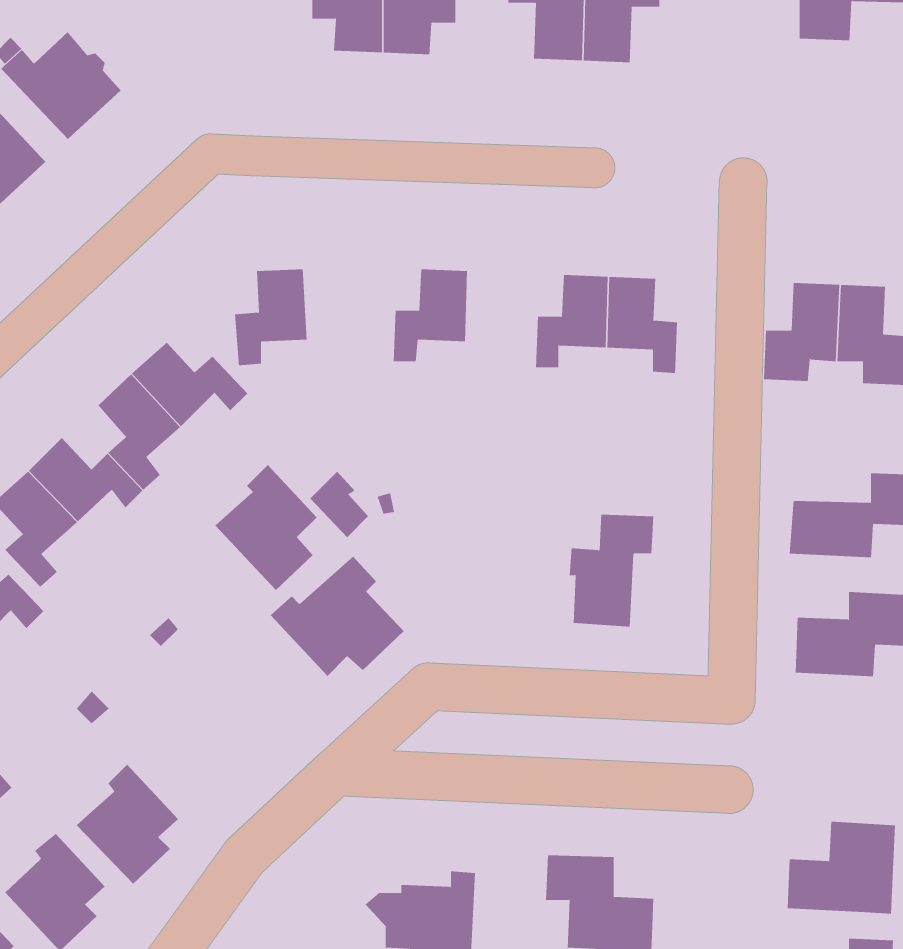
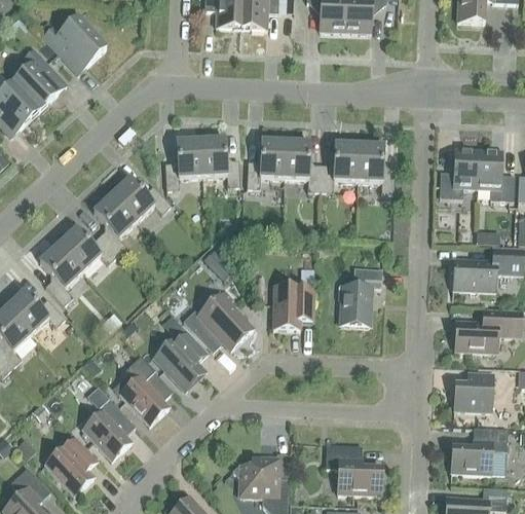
building: none -> [200,138,239,187]
building: none -> [285,141,322,191]
building: [214,464,317,591] -> [154,325,208,391]
building: none -> [273,282,315,329]
building: none -> [114,356,173,425]
building: none -> [454,371,493,411]

